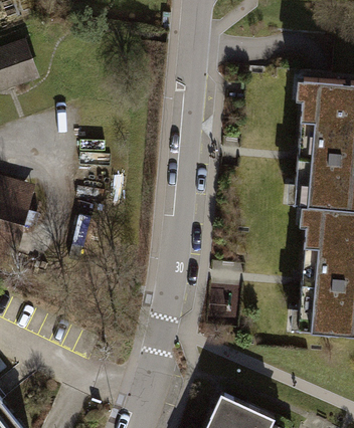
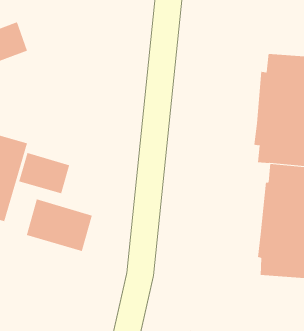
building: none -> [19,152,70,194]
building: none -> [26,199,93,252]

